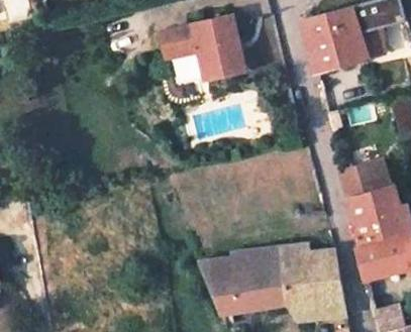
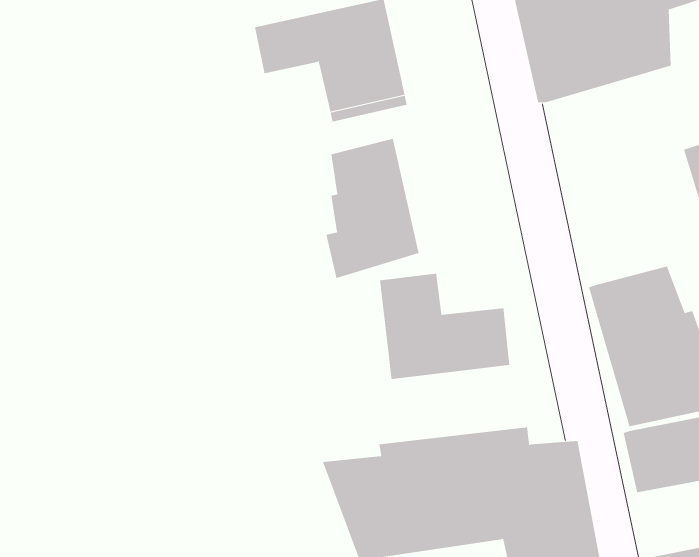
building: none -> [326,138,419,279]
building: none -> [380,273,510,380]

